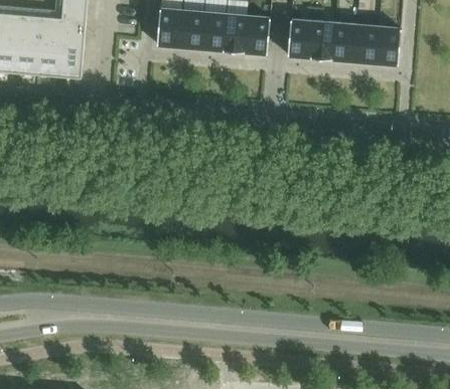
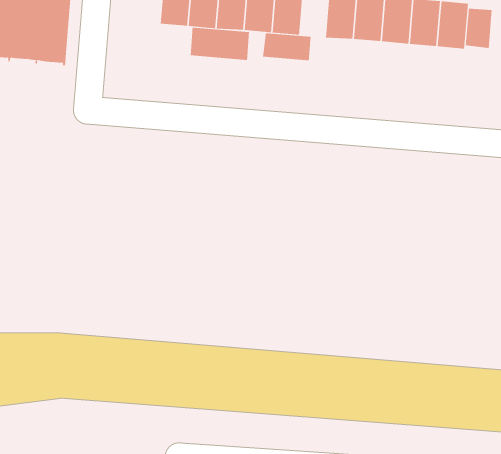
building: none -> [465,8,492,49]
building: none -> [190,27,250,61]
building: none -> [262,32,311,61]

